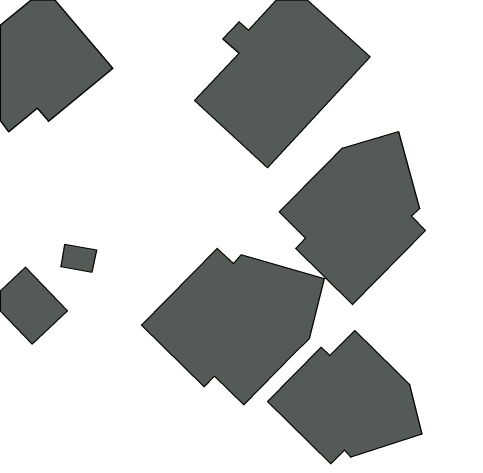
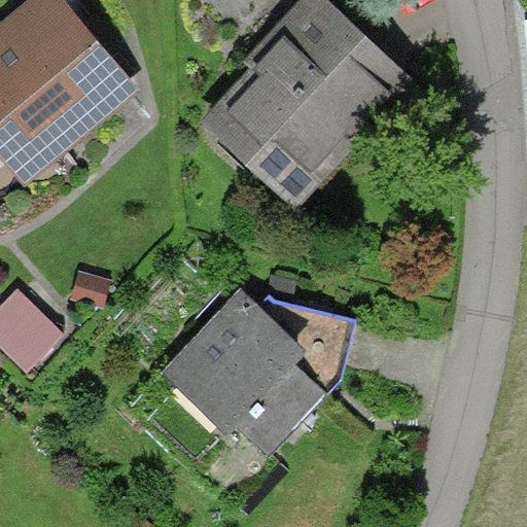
building: [279,132,425,305] -> none
building: [268,331,422,464] -> none

